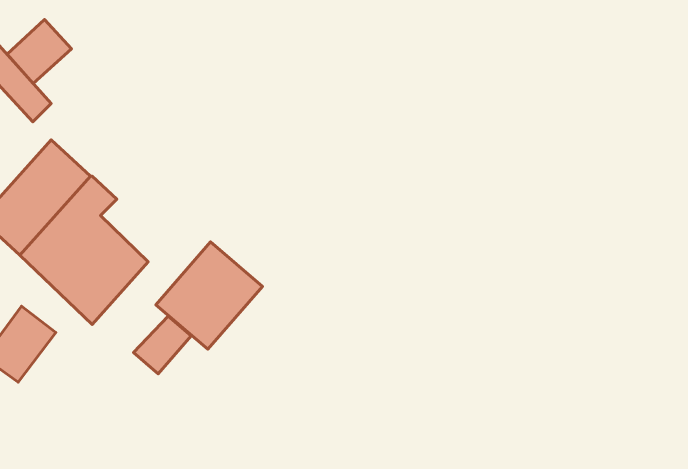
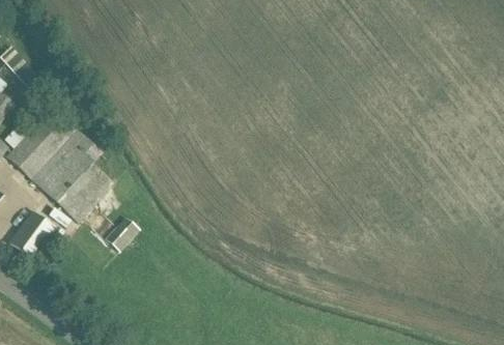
building: [7,20,72,84] -> none
building: [156,242,262,349] -> none

